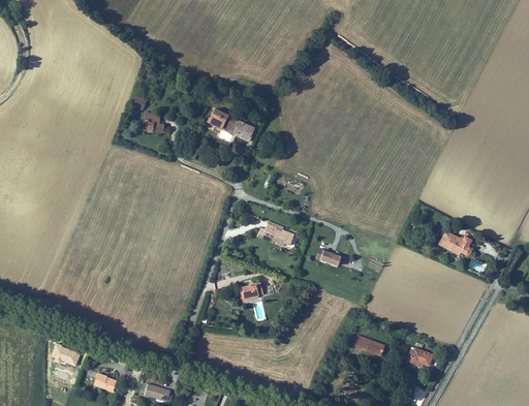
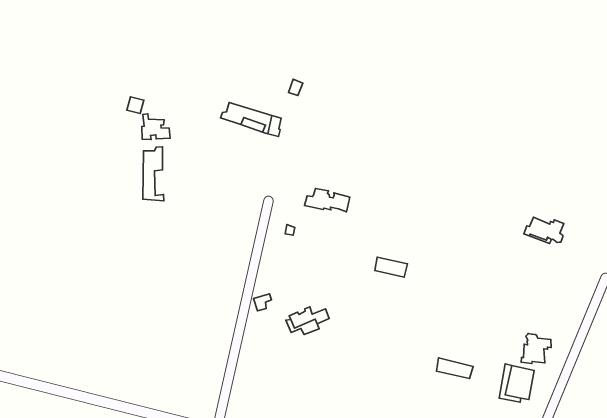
building: none -> [143,147,164,201]
building: [256,223,293,245] -> [305,189,350,212]
building: none -> [521,334,551,364]

